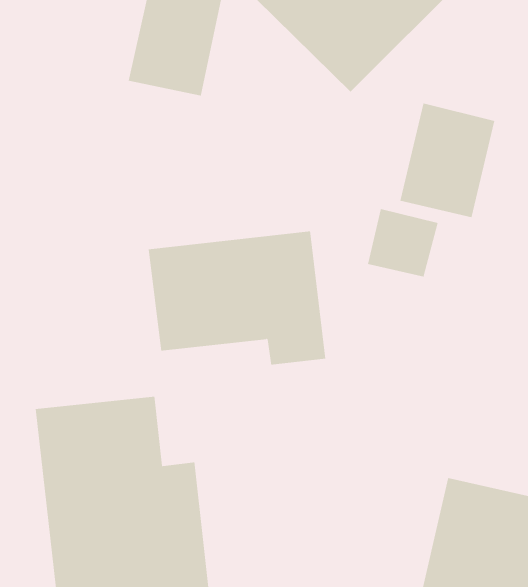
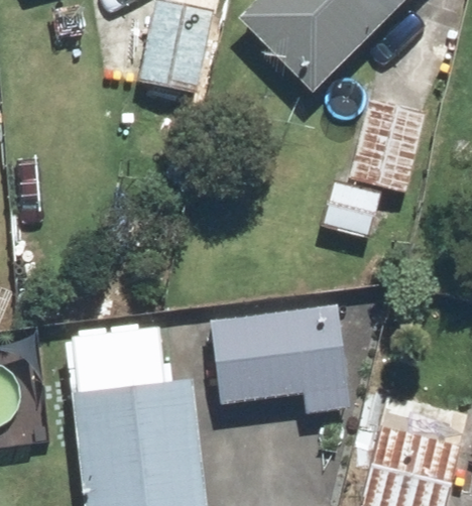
building: [148,231,326,365] -> [210,306,349,411]

